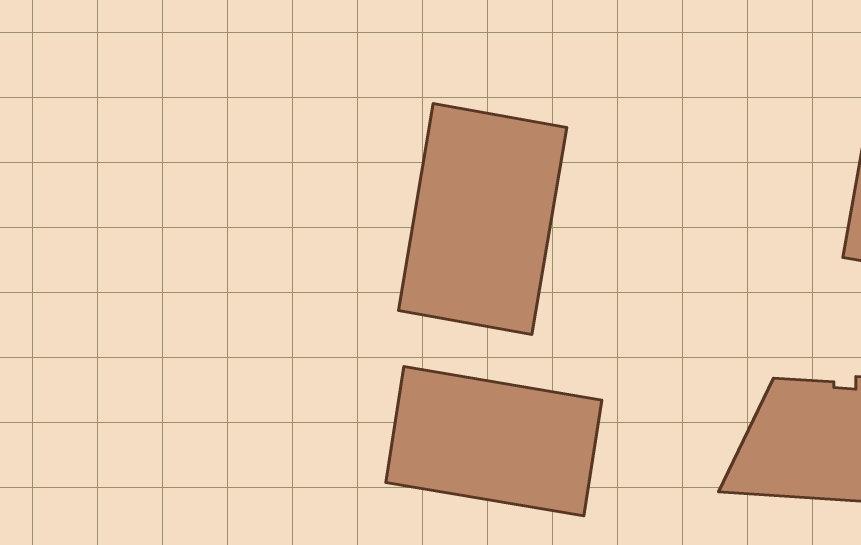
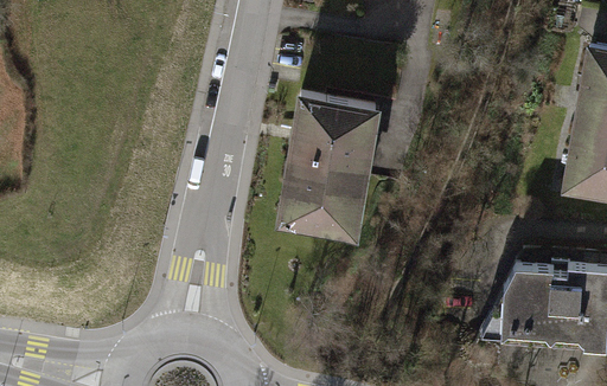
building: [386,367,602,516] -> none

